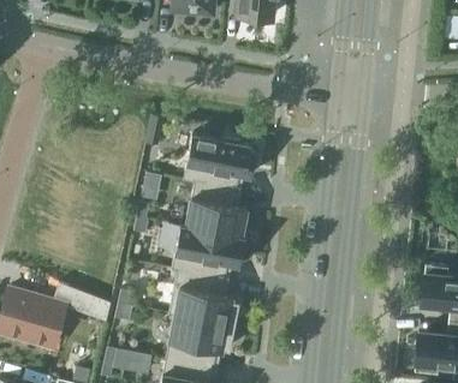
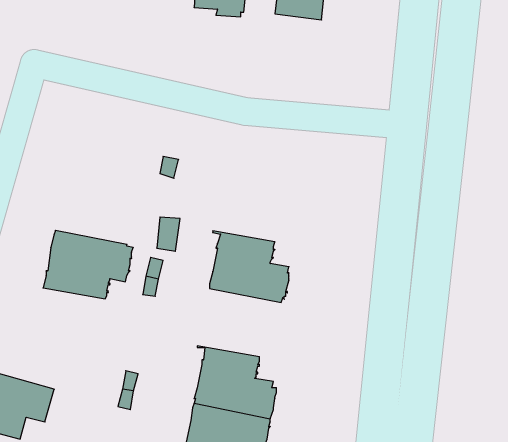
building: [186,137,255,191] -> none
building: [174,227,244,280] -> [43,230,133,299]

